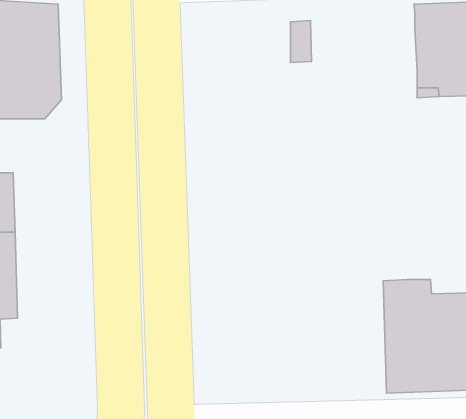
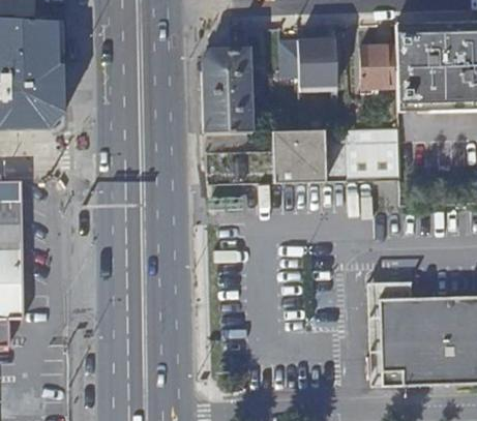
building: none -> [298,37,336,87]
building: none -> [361,46,398,86]
building: none -> [204,47,246,131]
building: none -> [279,127,400,181]

